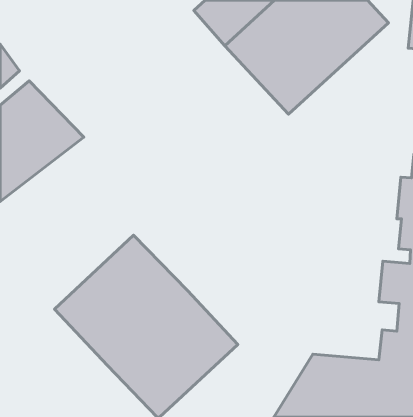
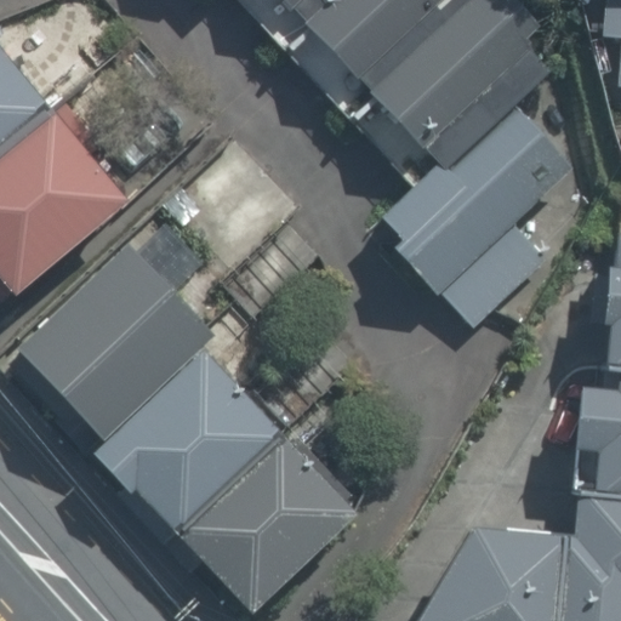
building: none -> [392,104,593,303]
building: none -> [19,255,201,433]

